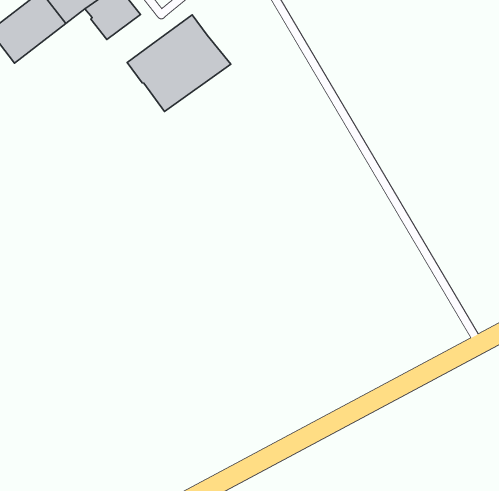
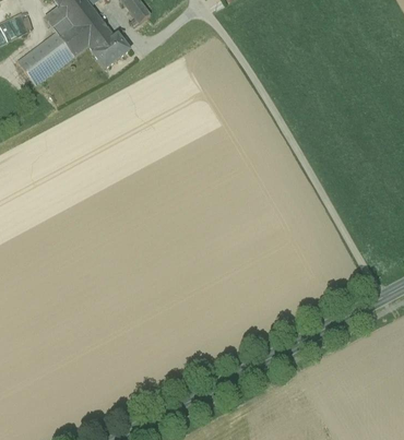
building: [127,15,231,112] -> none

